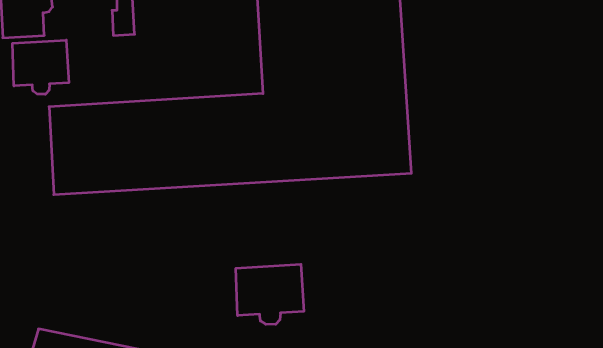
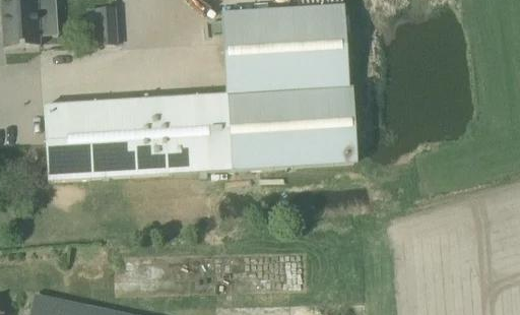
building: [13,40,69,94] -> none
building: [236,264,304,324] -> none

